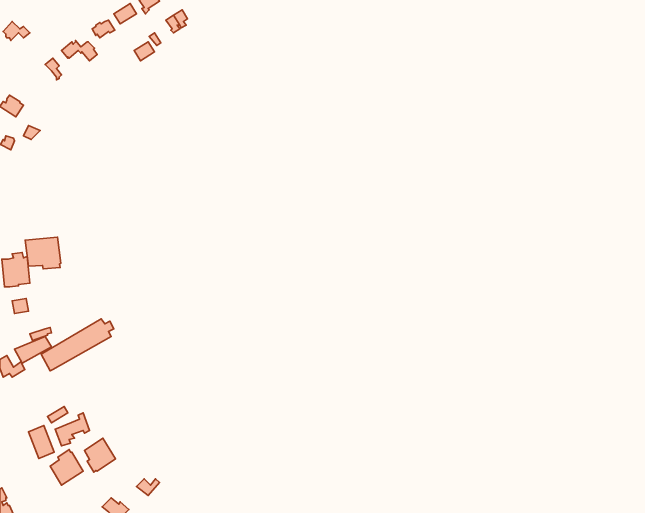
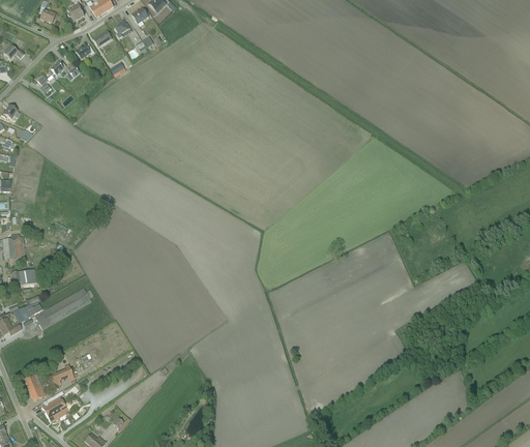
building: [25,237,61,269] -> none
building: [84,438,116,472] -> none

